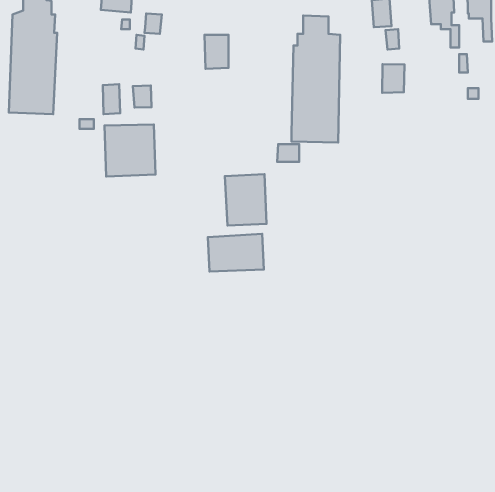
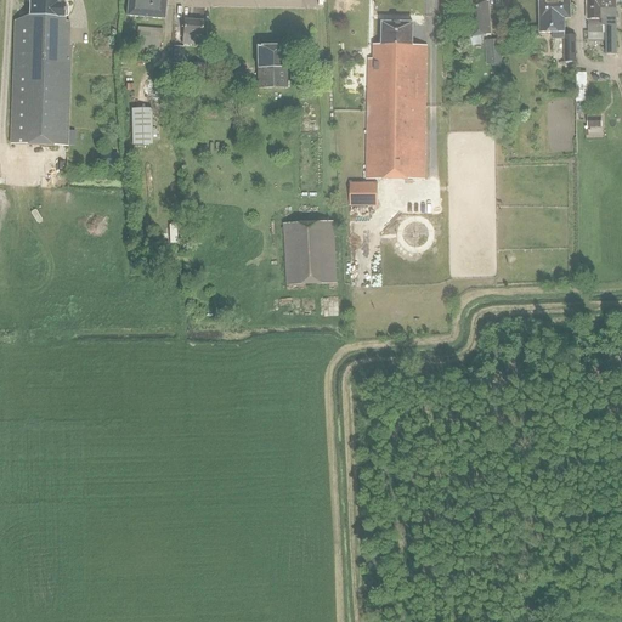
building: [382,64,404,93] -> none
building: [133,85,152,108] -> none
building: [104,124,155,177] -> none
building: [208,234,264,272] -> none

